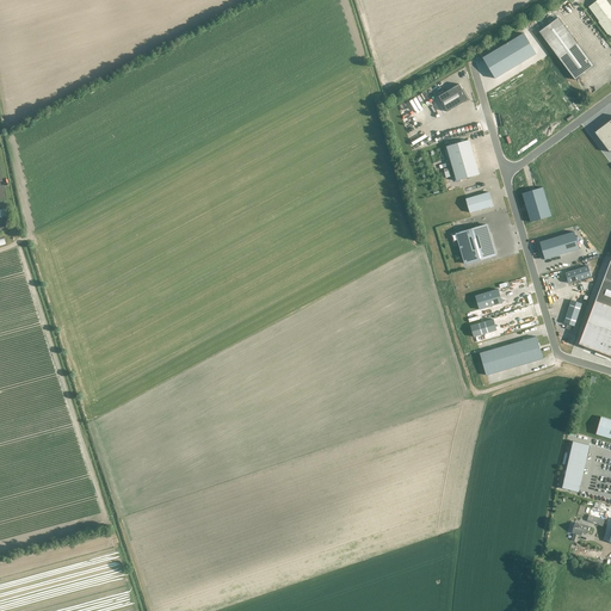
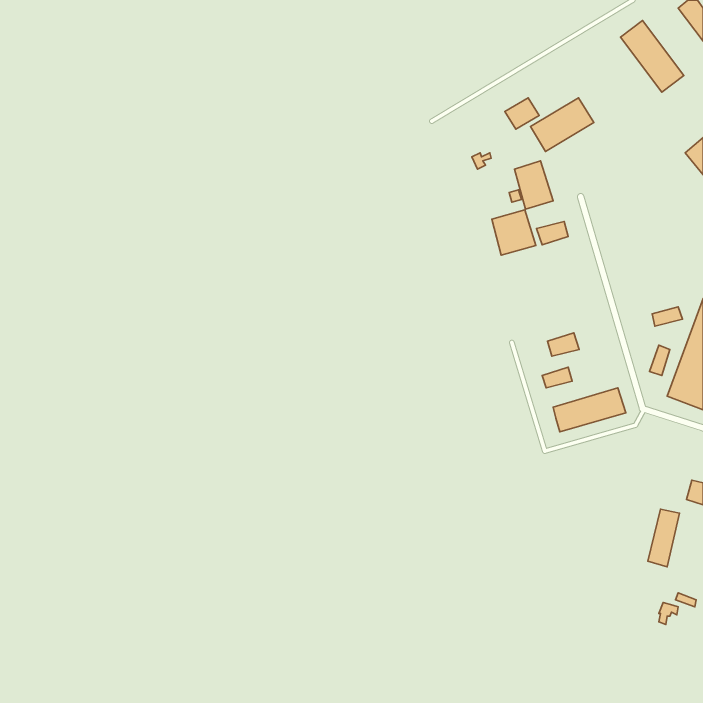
building: [482,32,537,79] -> [531,98,594,151]
building: [521,187,551,222] -> none
building: [457,224,495,264] -> [492,210,536,255]
building: [539,232,579,259] -> none

